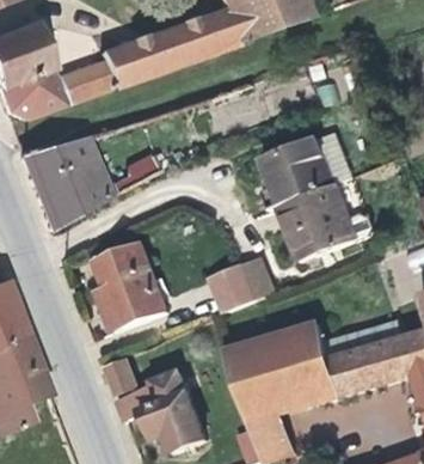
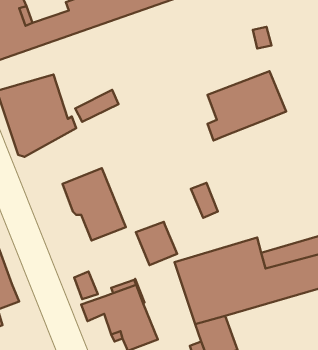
building: [281,184,371,261] -> none
building: [209,263,257,313] -> [136,222,177,265]

